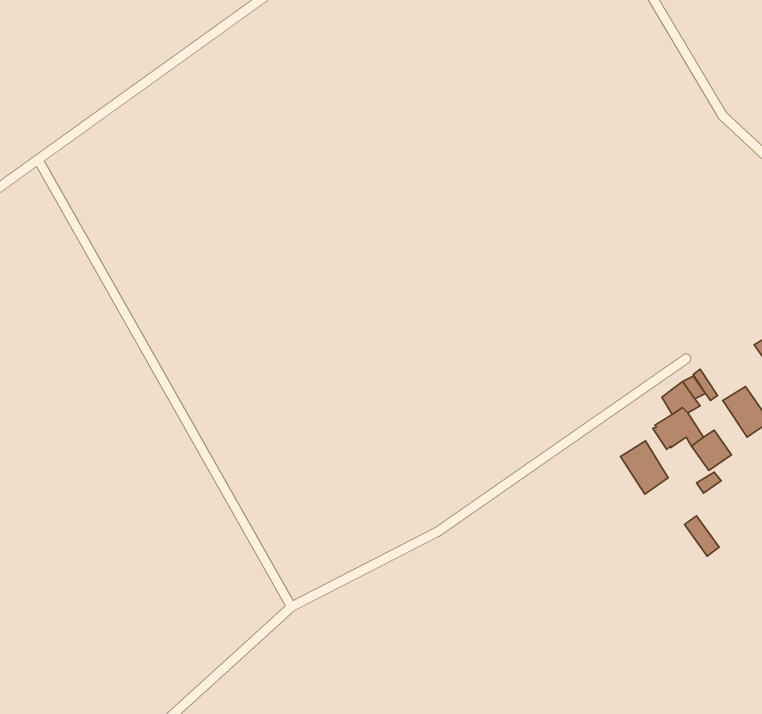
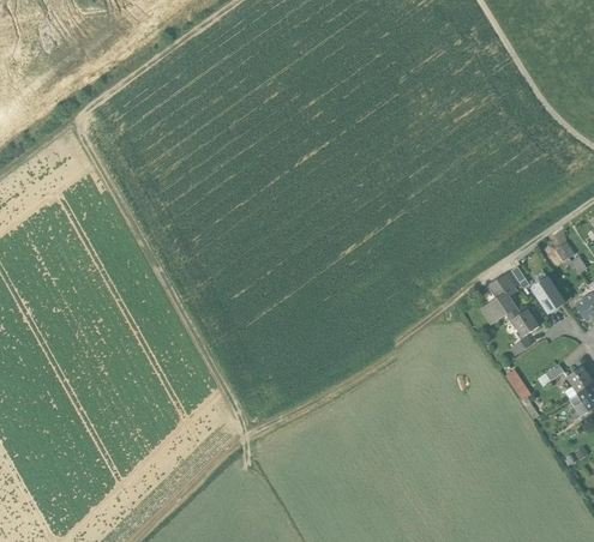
building: [620,441,668,494] -> none

